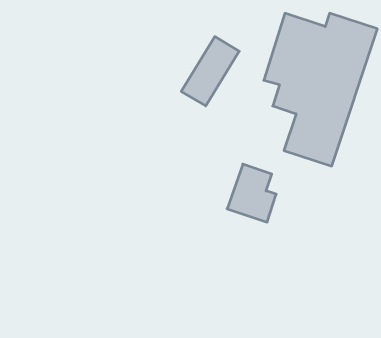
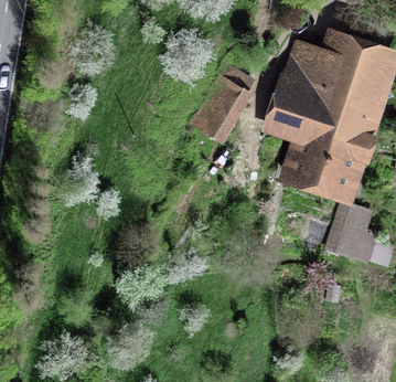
building: [227,164,276,222] -> [327,203,375,261]

